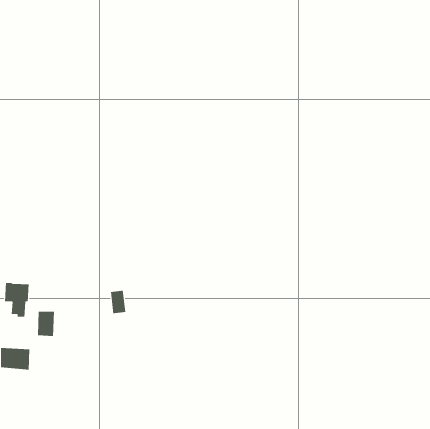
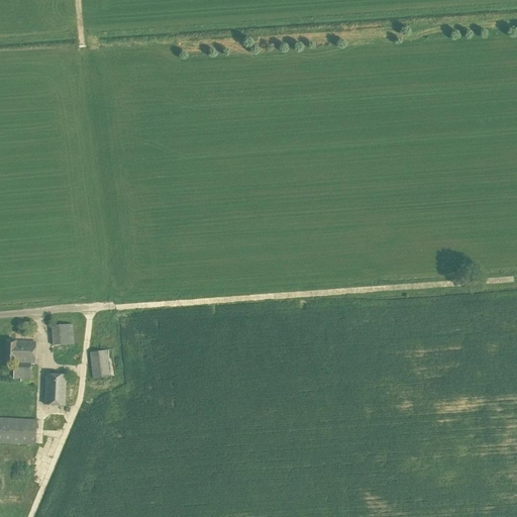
building: none -> [51,323,74,345]
building: [110,290,126,314] -> [90,349,109,378]

